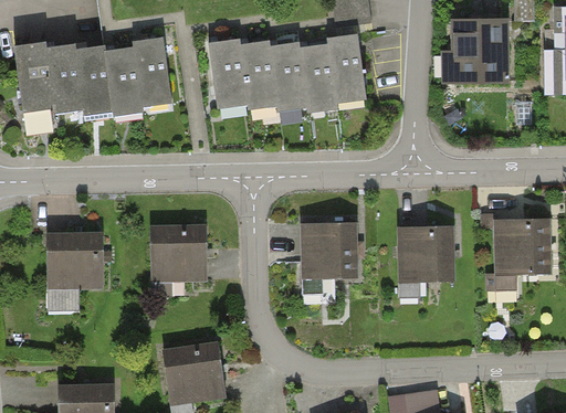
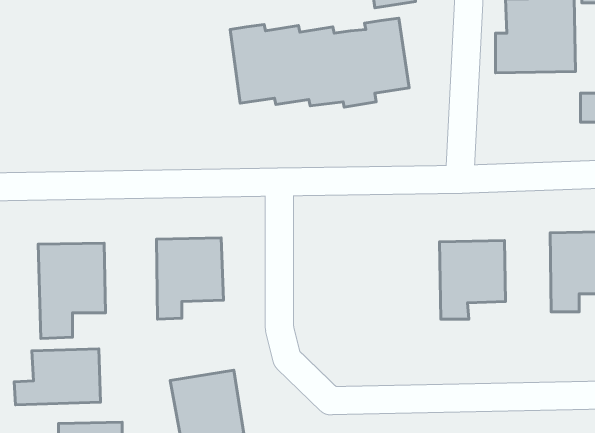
building: [18,40,175,118] -> none
building: [297,224,355,294] -> none
building: none -> [14,349,100,405]

